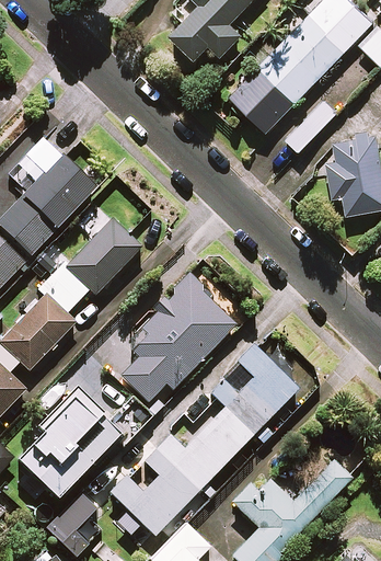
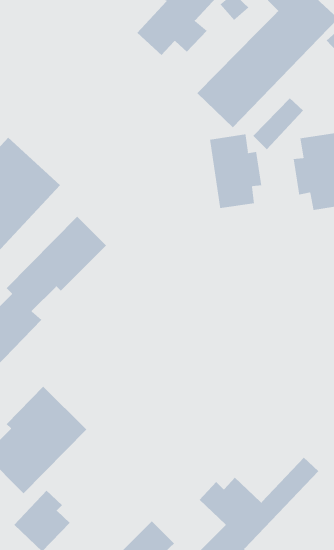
building: none -> [209,134,262,209]
building: [120,277,235,402] -> none
building: [111,346,305,536] -> none

